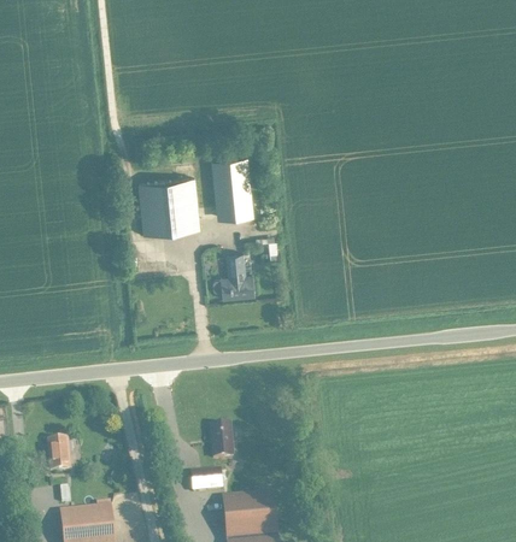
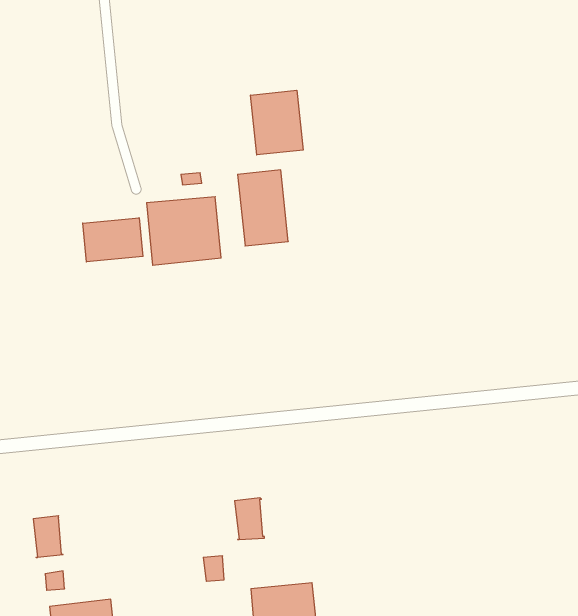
building: none -> [251,90,303,155]
building: none -> [83,218,143,262]
building: [213,255,254,301] -> none

